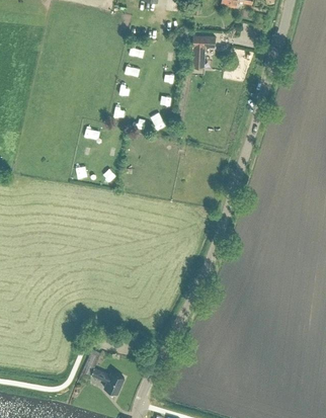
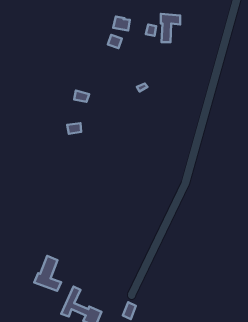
building: none -> [34,256,61,291]

